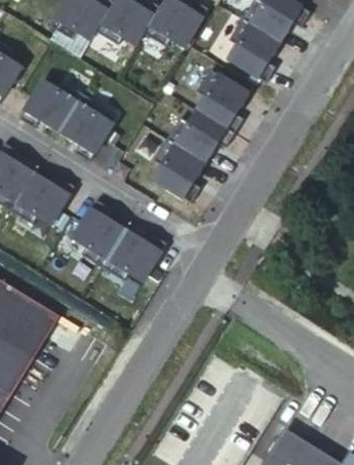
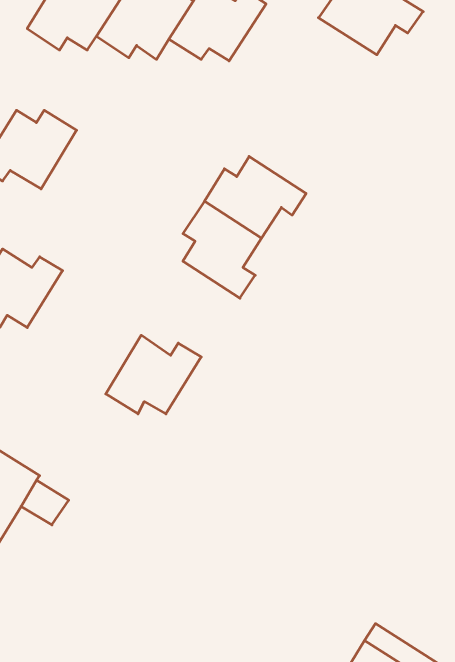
building: [230,17,282,82] -> none
building: [197,71,249,134] -> none
building: [58,92,112,161] -> none
building: [71,199,125,268] -> none

